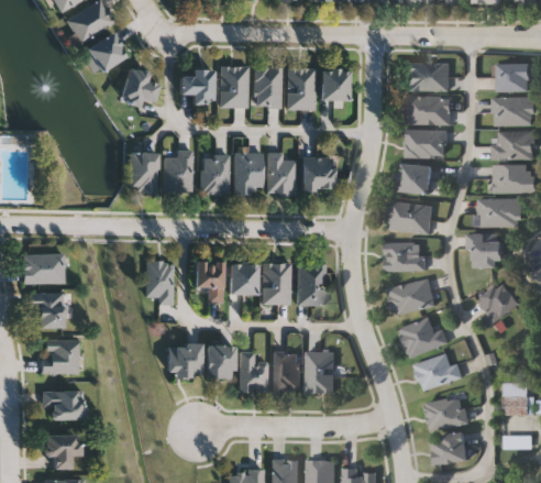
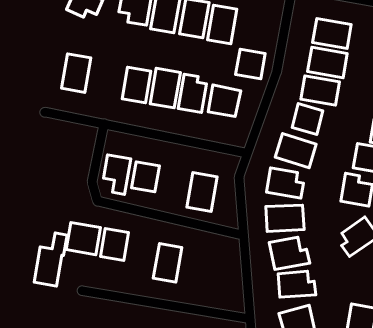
building: [320,70,350,100] -> [236,49,265,79]
building: [164,151,191,194] -> none
building: [145,261,173,305] -> none
building: [263,263,290,304] -> none
building: [240,332,268,393] -> [34,233,67,286]
building: [306,352,334,395] -> none

